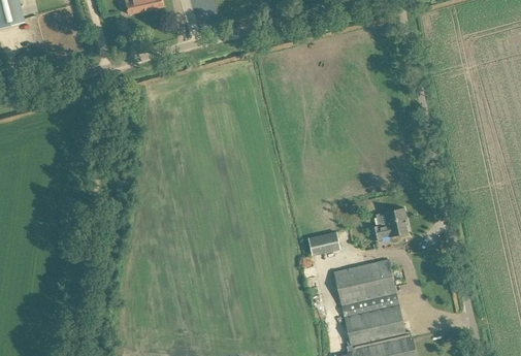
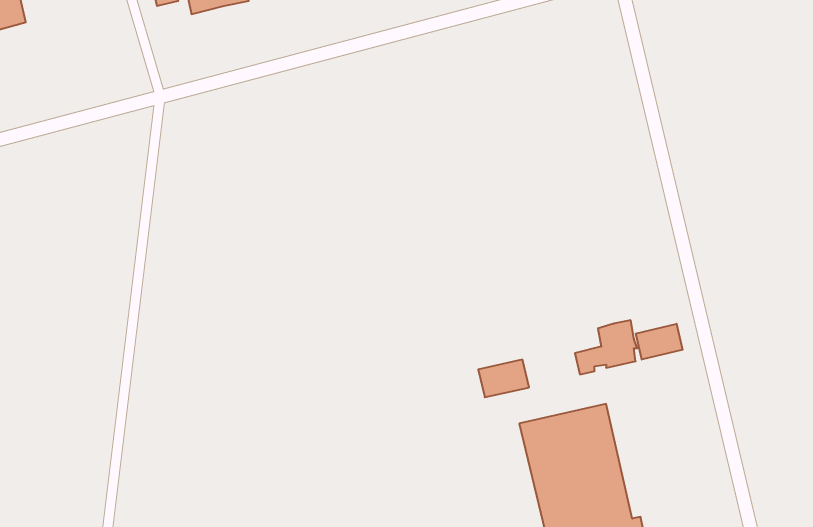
building: none -> [636,324,683,360]

